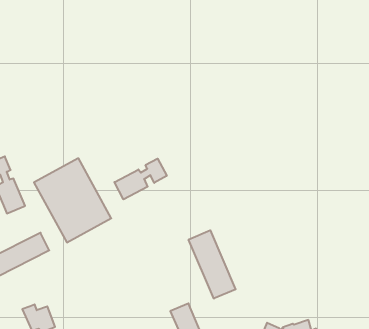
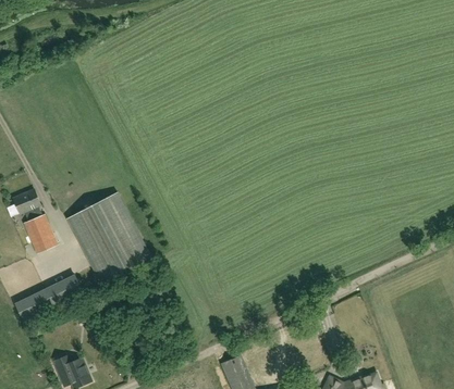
building: [114,159,167,199] -> none
building: [189,230,236,299] -> none

